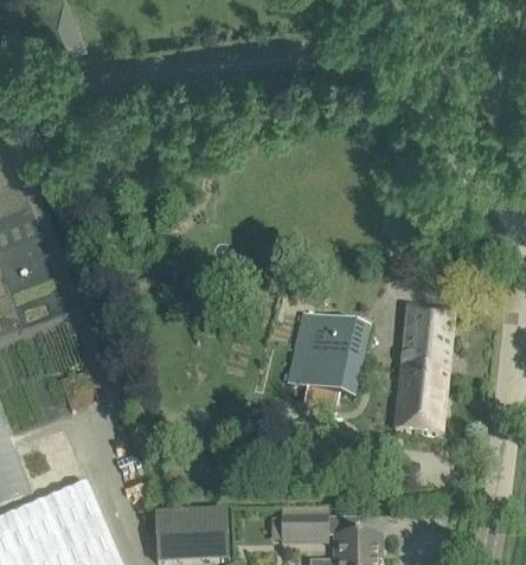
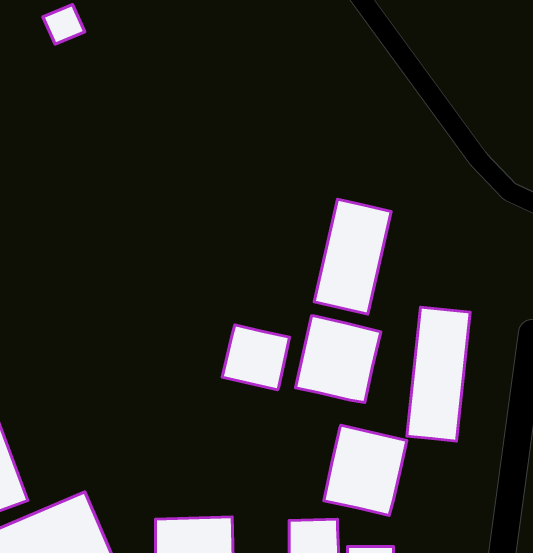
building: none -> [314,199,391,314]
building: none -> [222,325,289,390]
building: none -> [324,425,407,516]

